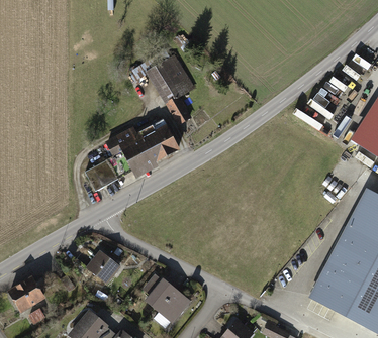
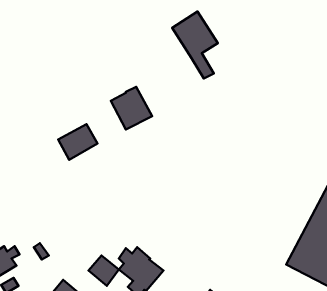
building: [148,55,193,122] -> [172,12,218,79]
building: [106,129,152,176] -> none
building: [87,252,117,283] -> [88,255,119,286]

